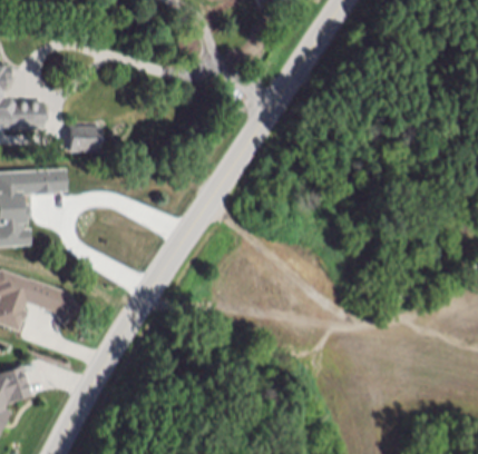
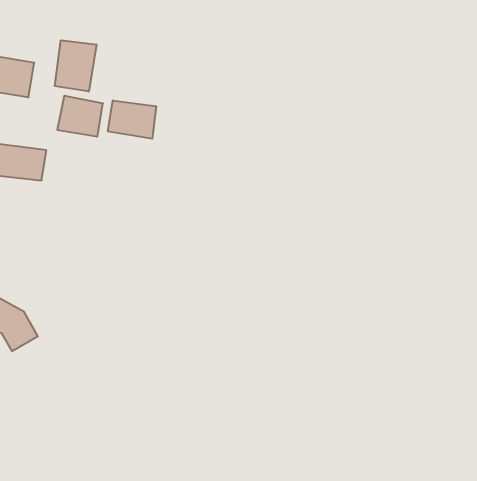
building: none -> [55,40,96,92]
building: none -> [108,100,156,139]

